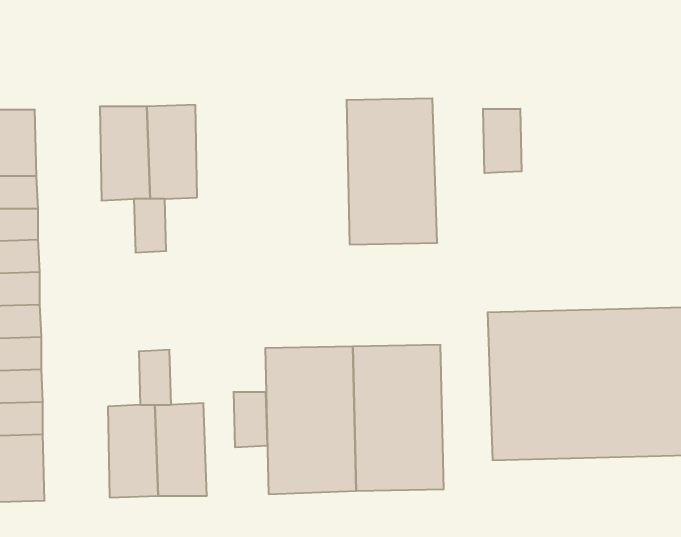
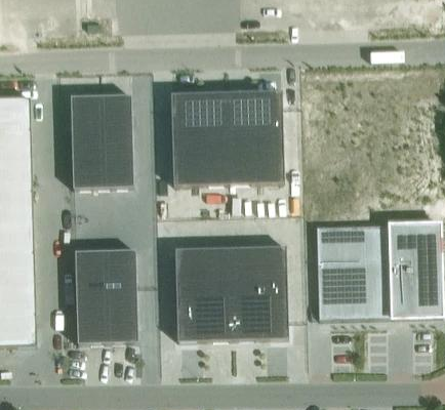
building: none -> [171,93,229,187]
building: [483,109,522,173] -> none
building: none -> [112,155,133,189]
building: none -> [72,156,93,190]
building: none -> [75,252,96,287]
building: [233,392,267,447] -> [115,251,136,286]

